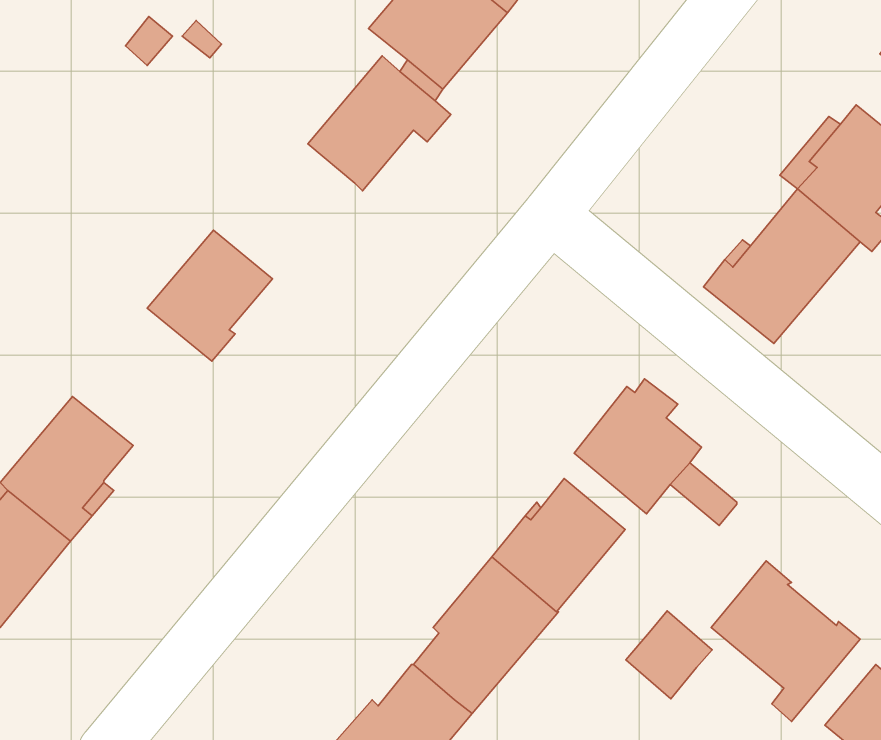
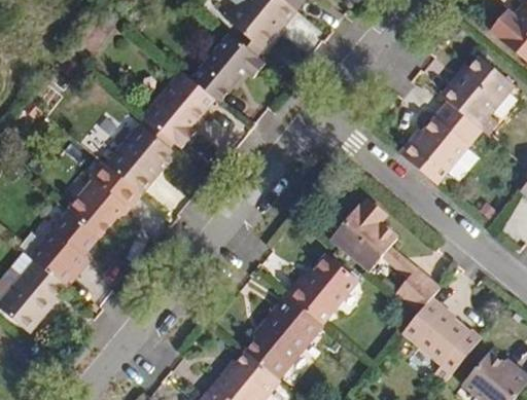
building: none -> [143,70,216,148]
building: none -> [68,163,141,237]
building: [626,611,712,699] -> [395,267,441,314]

